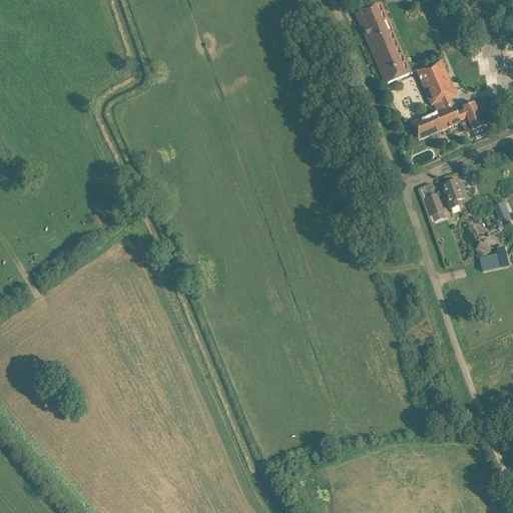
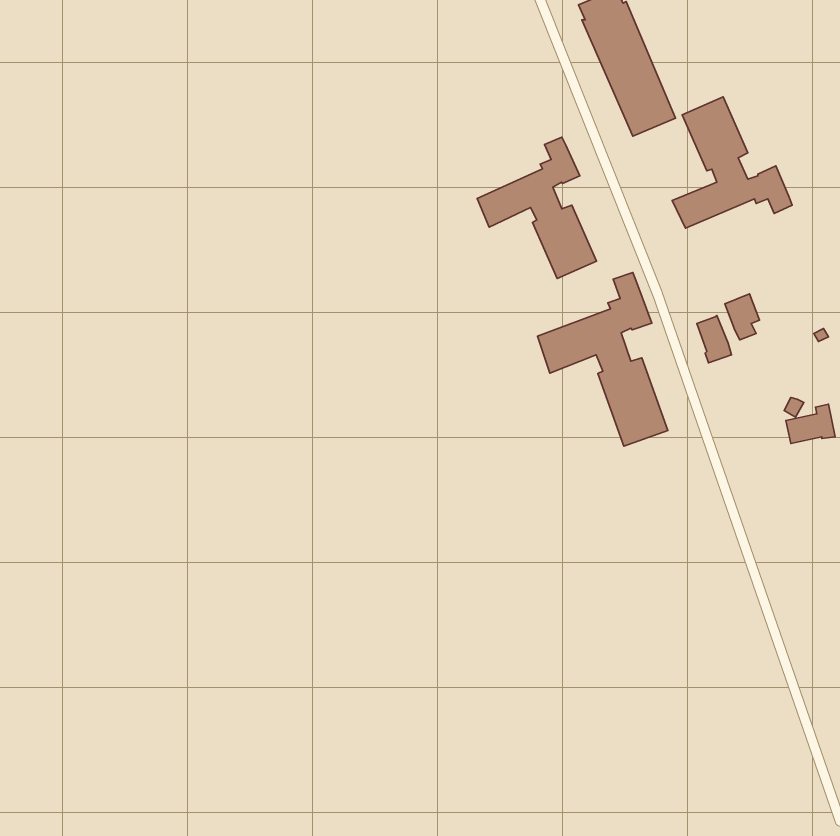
building: none -> [477,137,596,279]
building: none -> [537,273,668,446]

